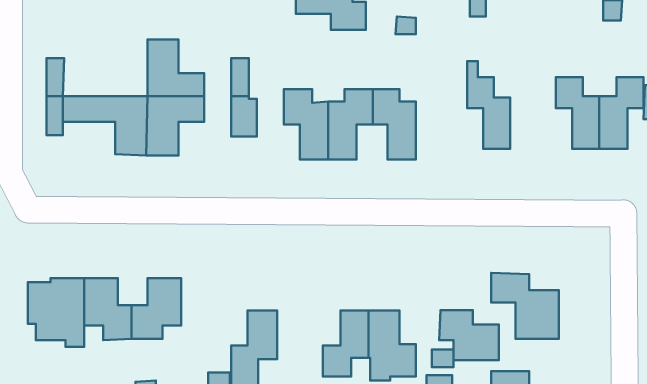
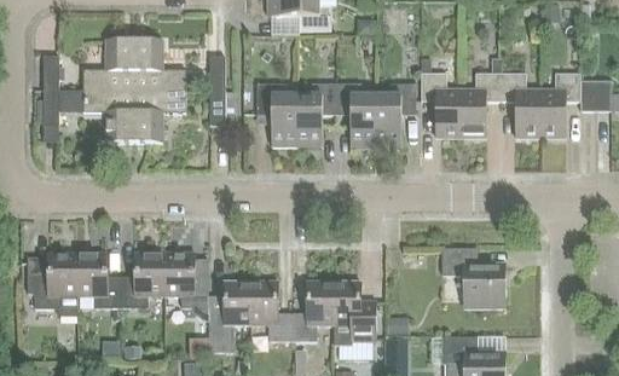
building: none -> [82,37,134,88]
building: none -> [459,56,502,135]
building: none -> [375,82,415,145]
building: none -> [164,251,209,320]
building: [439,310,499,360] -> none
building: none -> [250,280,291,340]

